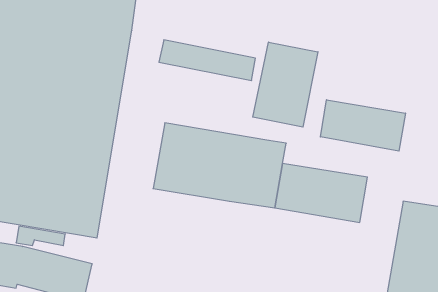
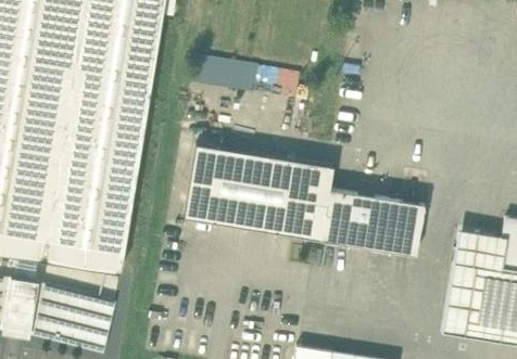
building: [253,42,318,127] -> none
building: [320,100,405,151] -> none

